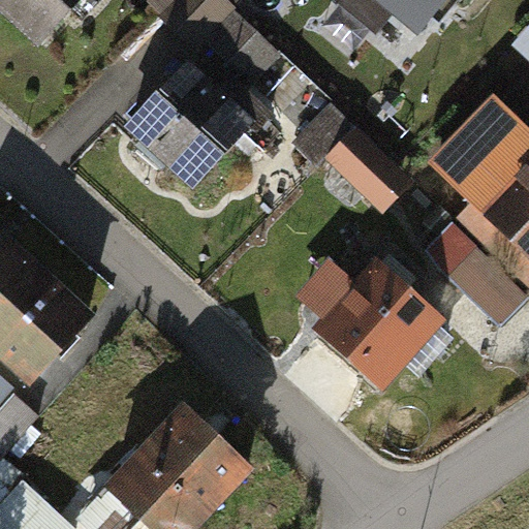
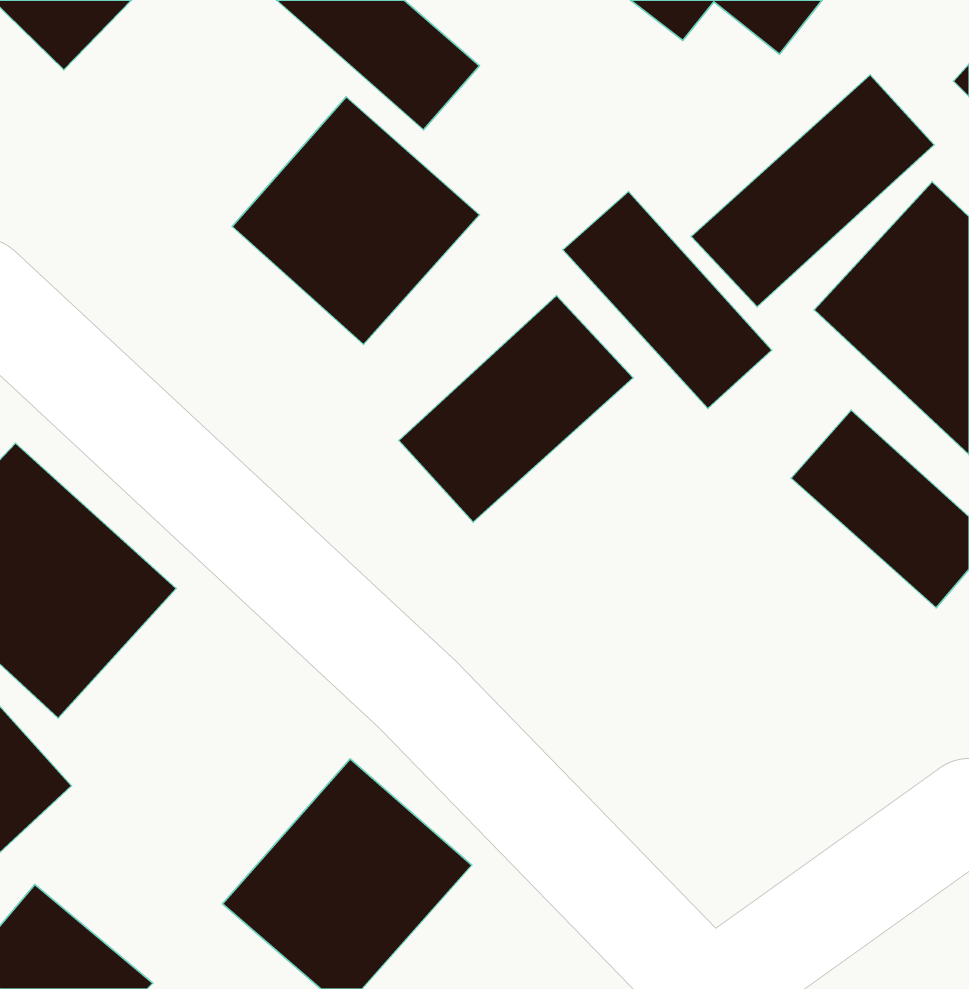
building: none -> [691,75,934,307]
building: none -> [399,296,633,522]
building: [314,267,429,382] -> none

